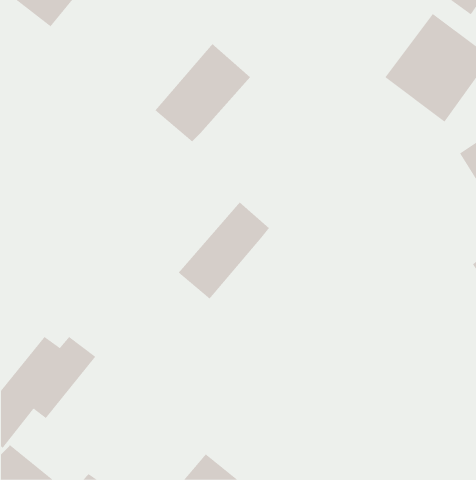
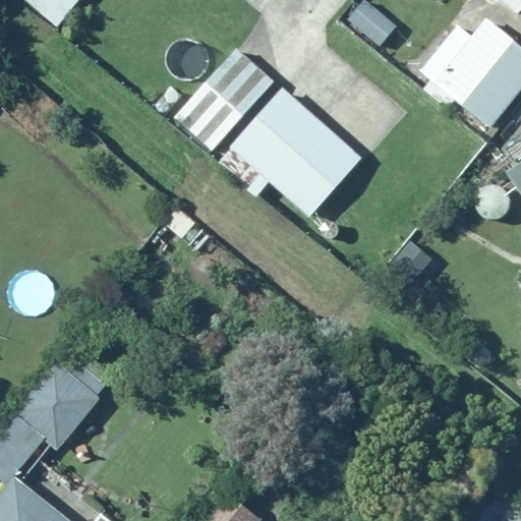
building: none -> [223,81,363,219]
building: [178,202,270,300] -> none

